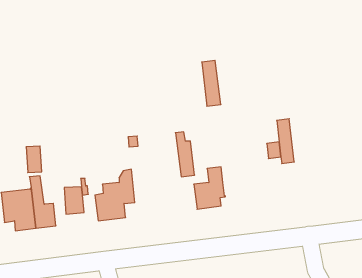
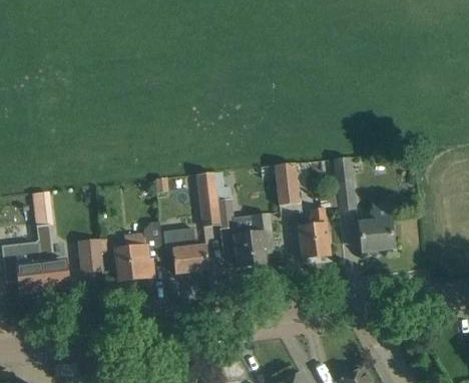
building: [202,60,221,106] -> [196,174,219,230]
building: none -> [276,164,306,194]
building: none -> [359,203,393,252]
building: none -> [298,208,330,259]
building: none -> [163,229,208,274]

